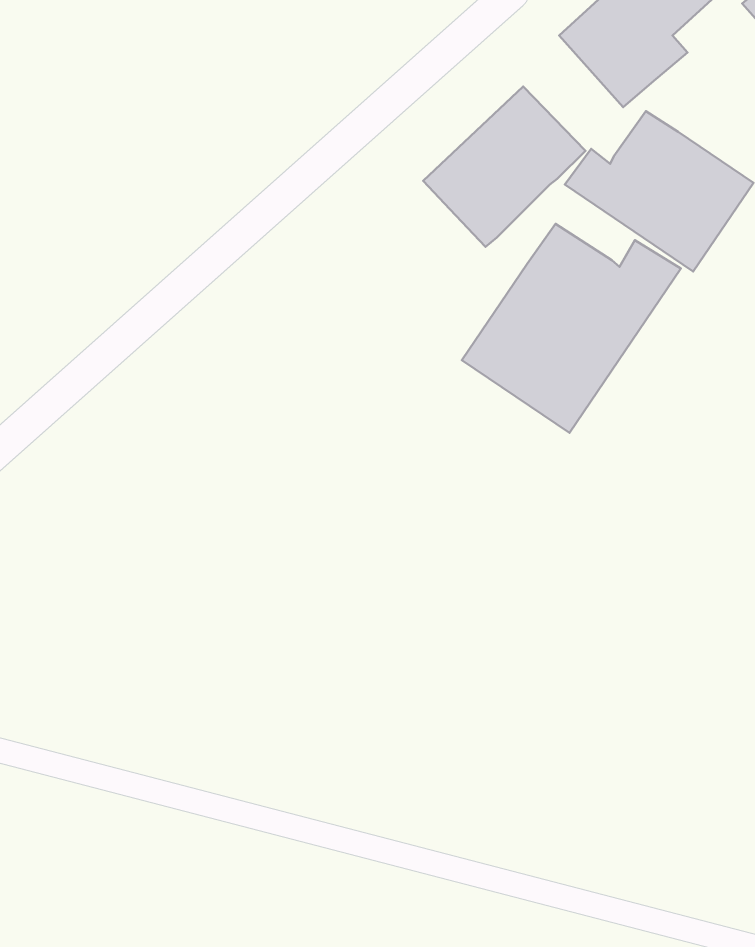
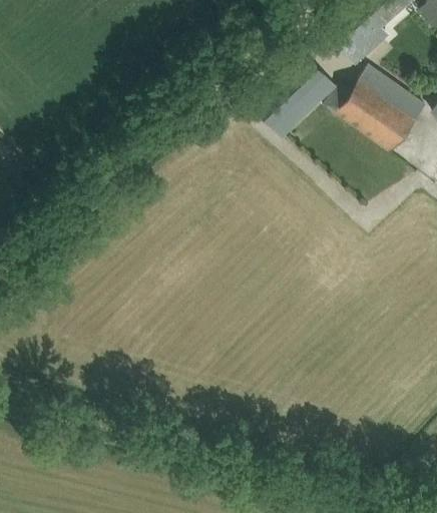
building: [462,224,681,433] -> none

